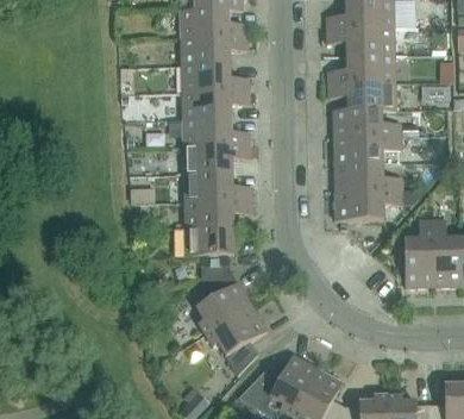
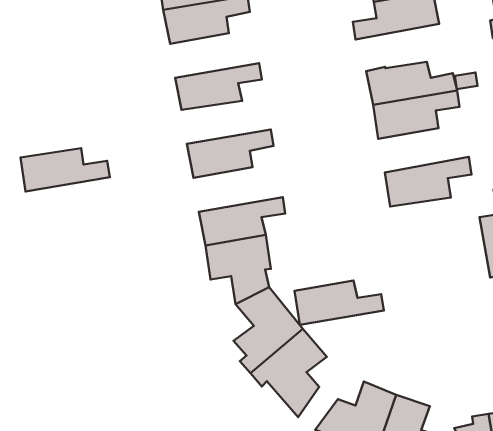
building: [181,63,249,92] -> none
building: [327,81,395,111] -> none
building: [182,118,250,145] -> [20,148,110,191]
building: [333,163,402,192] -> none
building: [183,171,251,200] -> [294,280,384,325]

